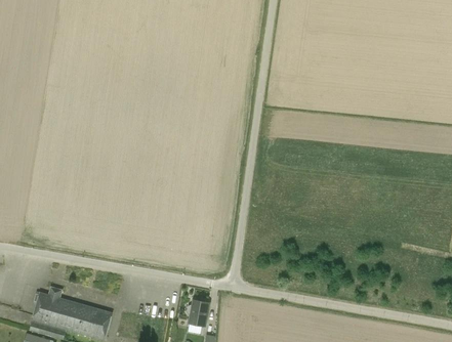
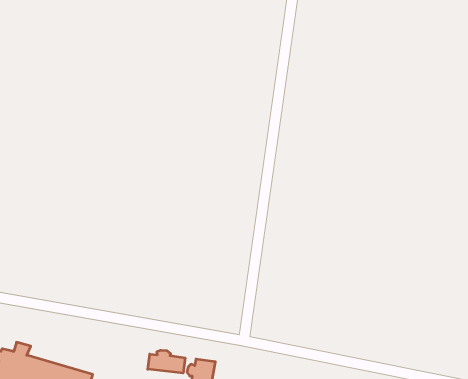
building: none -> [148,350,185,373]

